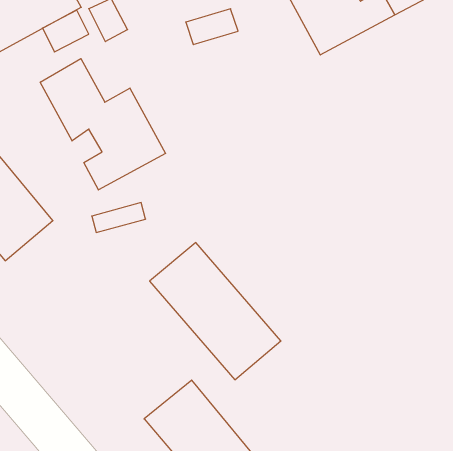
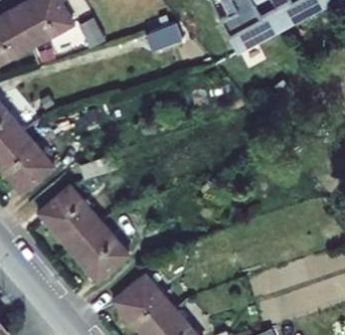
building: [40,59,166,190] -> none
building: [150,243,281,380] -> [39,188,128,281]

